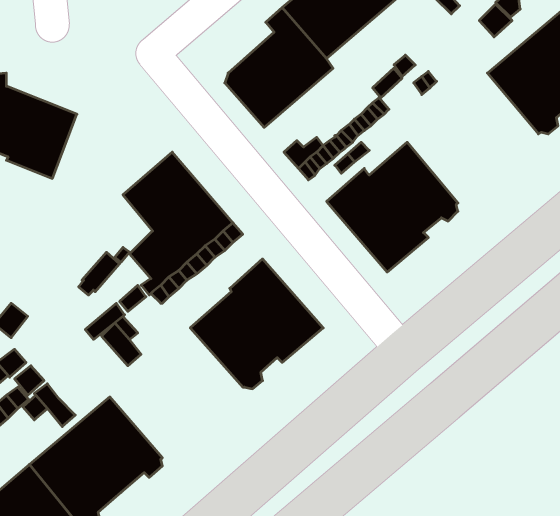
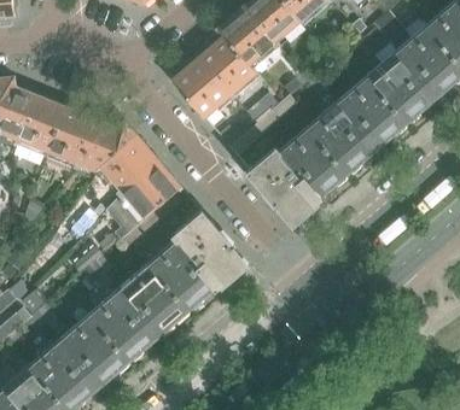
building: none -> [308,77,404,172]
building: none -> [47,107,135,170]
building: none -> [89,264,187,359]

